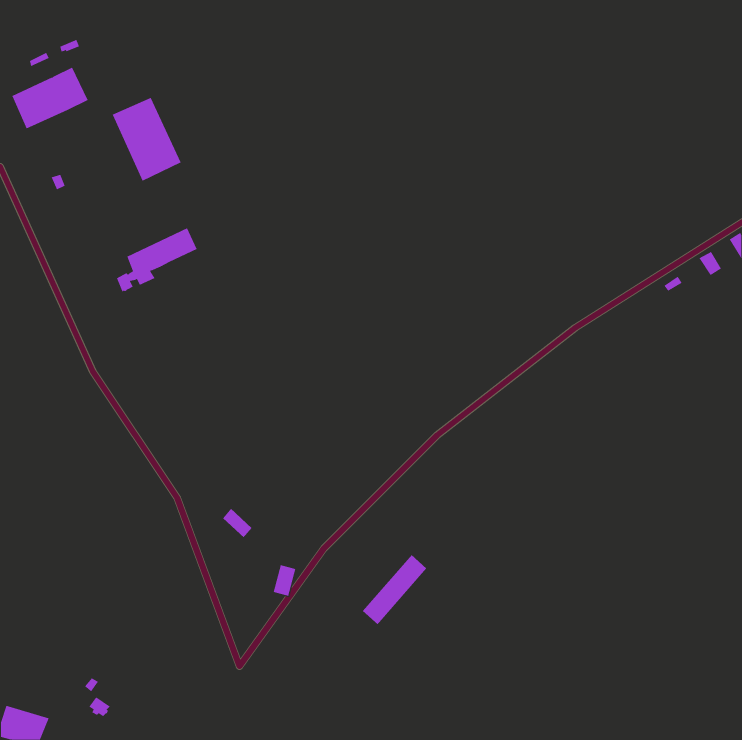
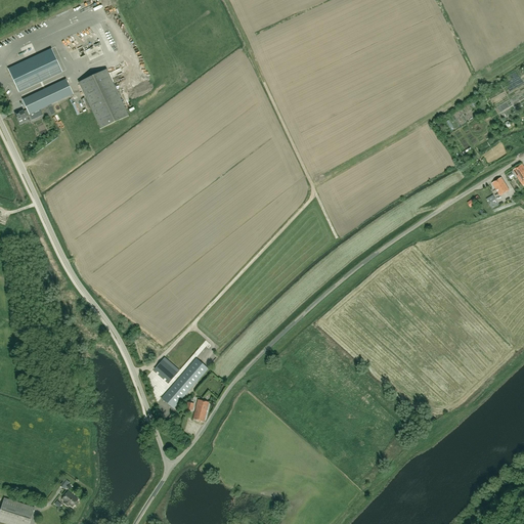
building: [116,227,198,293] -> [15,78,73,124]
building: [362,554,427,625] -> [162,357,208,407]

